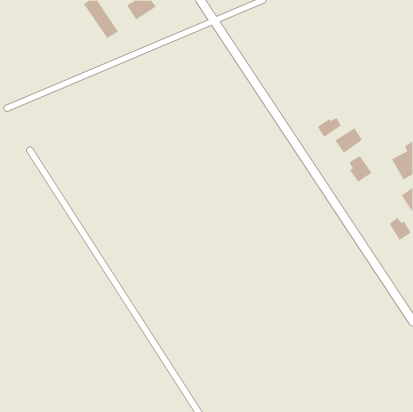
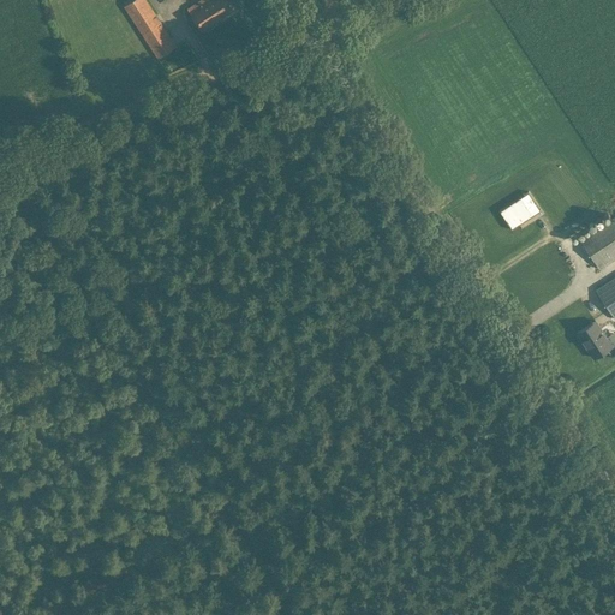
building: [317,117,342,138] -> none
building: [349,155,372,182] -> none

